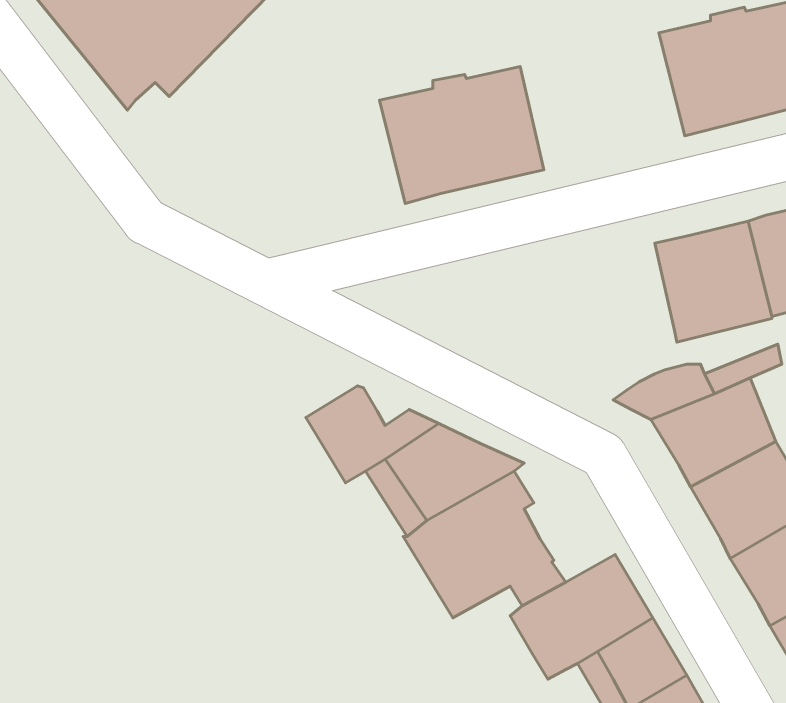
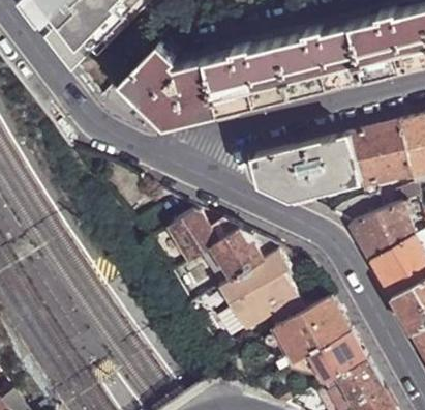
building: none -> [280,25,366,96]
building: none -> [123,45,220,126]
building: none -> [254,135,361,198]

